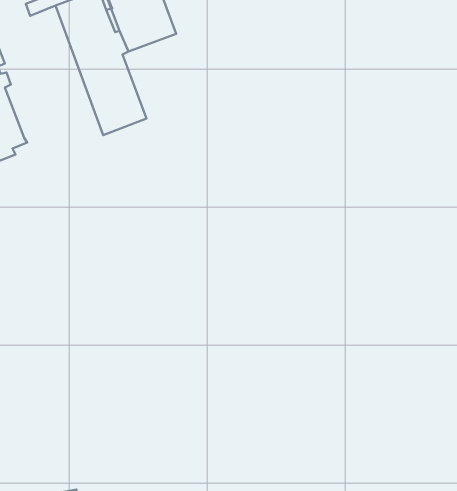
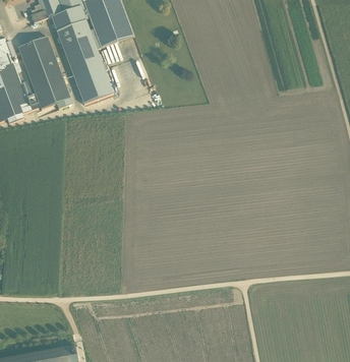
building: none -> [16,36,71,109]

